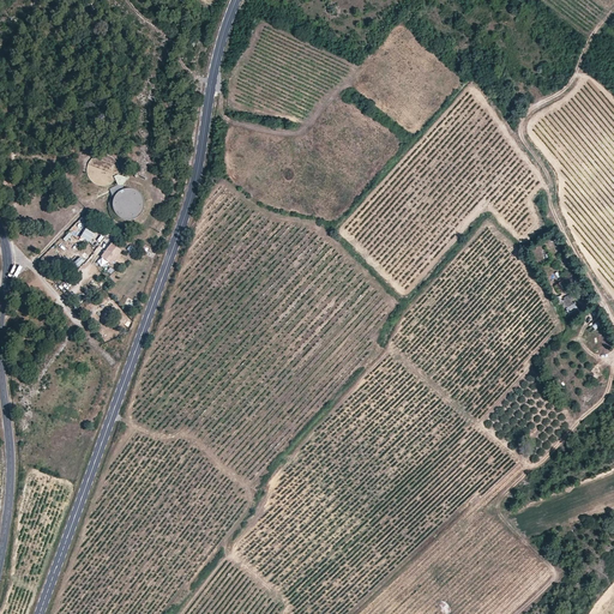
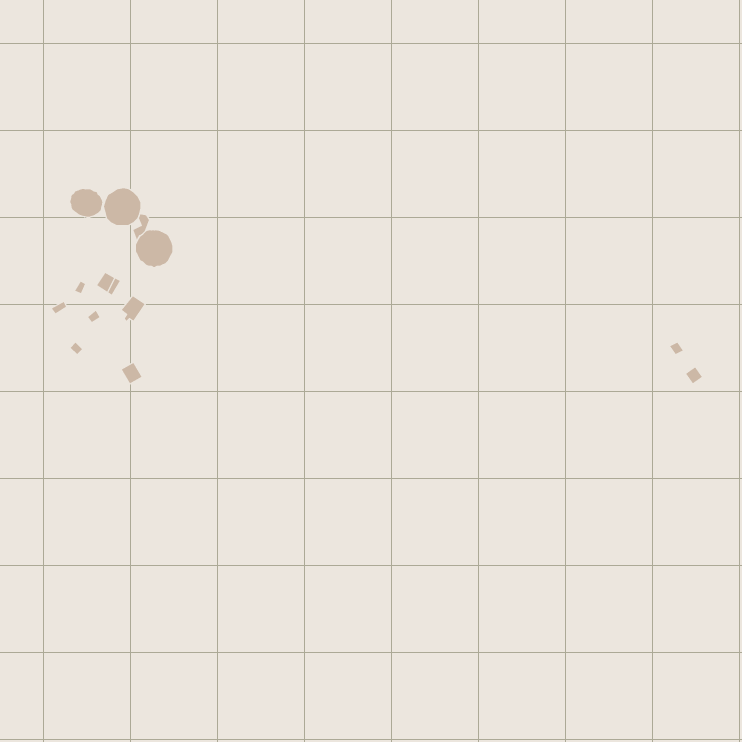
building: none -> [69,188,103,218]

